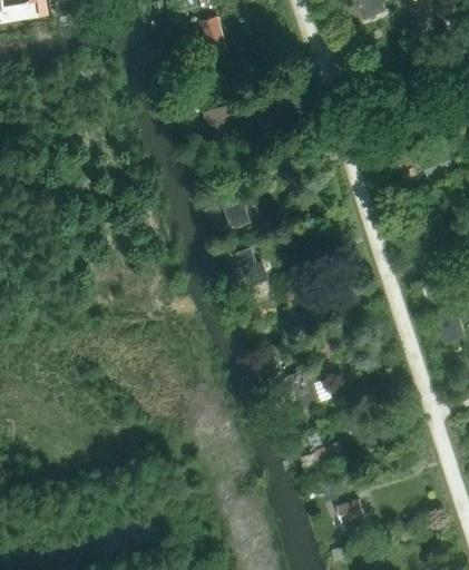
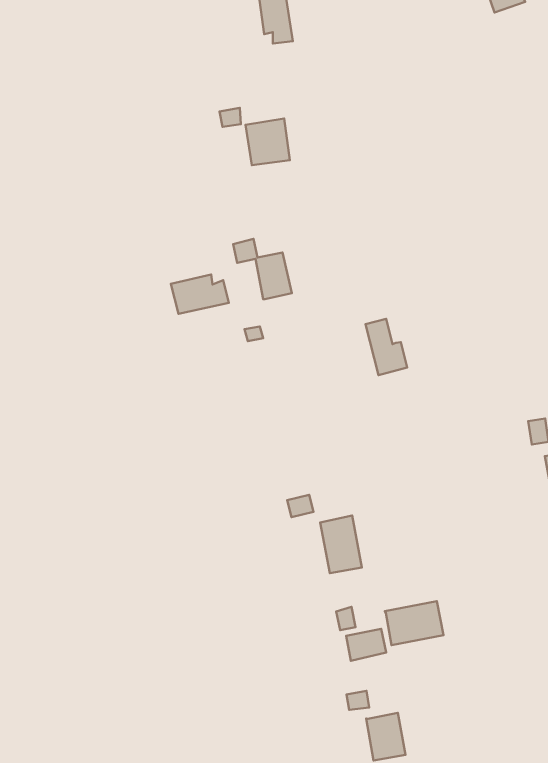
building: none -> [171,274,229,314]
building: [236,247,268,286] -> [366,319,407,375]
building: none -> [385,601,443,645]

